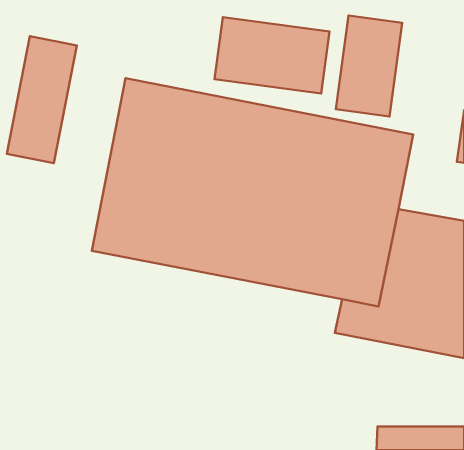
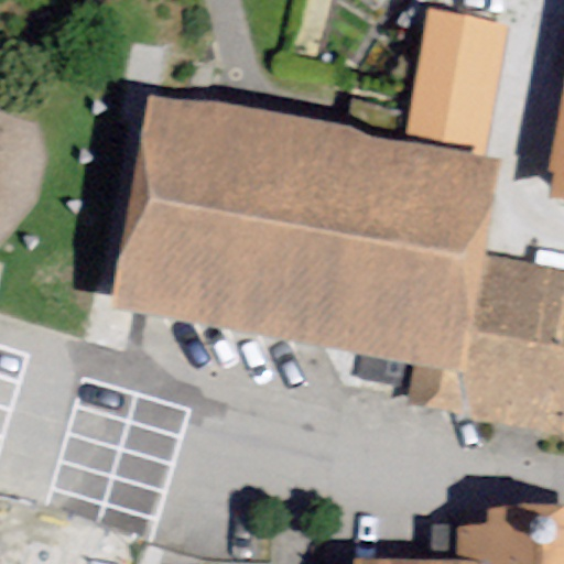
building: [214,17,330,94] -> none
building: [7,36,77,163] -> none

